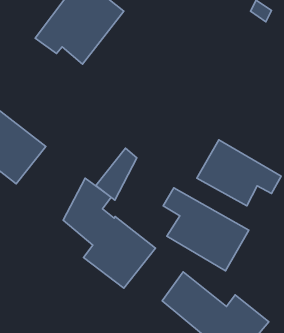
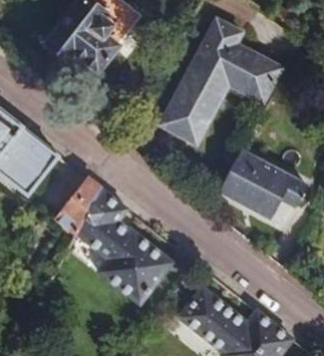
building: none -> [164,22,282,132]
building: [96,148,137,200] -> [58,180,101,234]
building: [163,188,249,271] -> none

